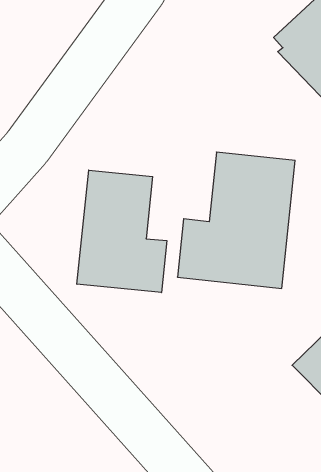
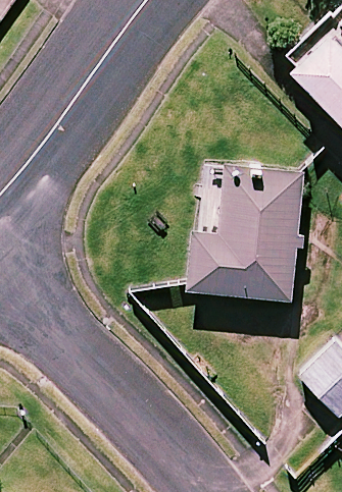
building: [77,170,167,293] -> none

